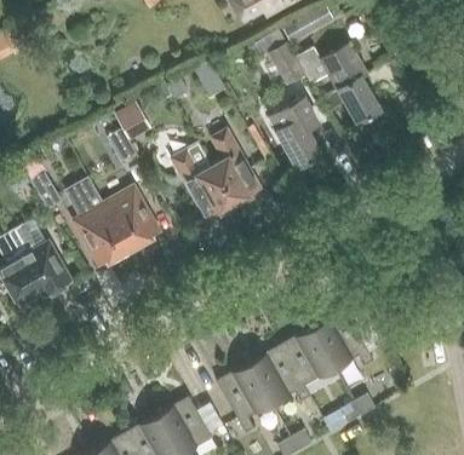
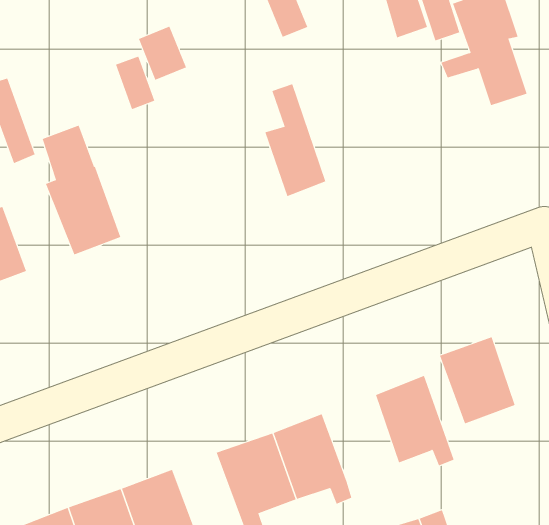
building: [268,97,320,168] -> none
building: [173,144,234,219] -> none
building: [104,188,159,249] -> none
building: [281,324,337,385] -> [439,337,516,424]

